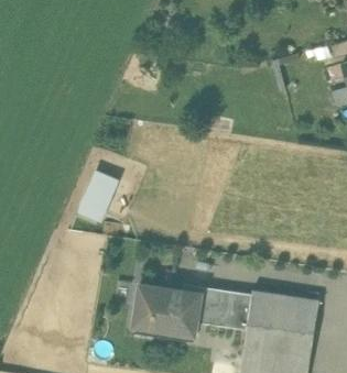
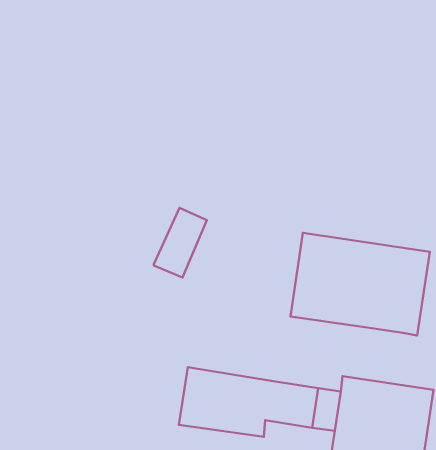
building: [78,172,117,222] -> [154,208,207,278]
building: none -> [290,233,430,336]

